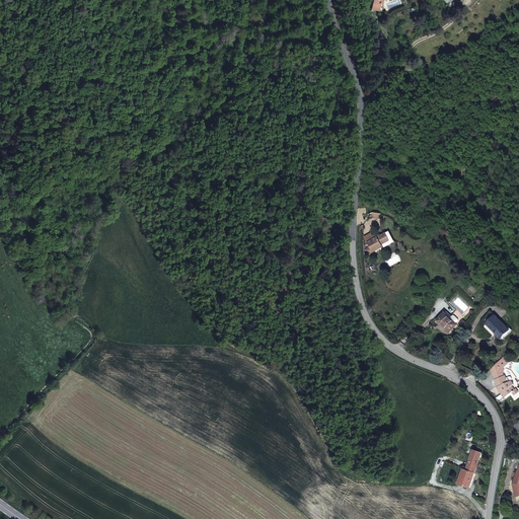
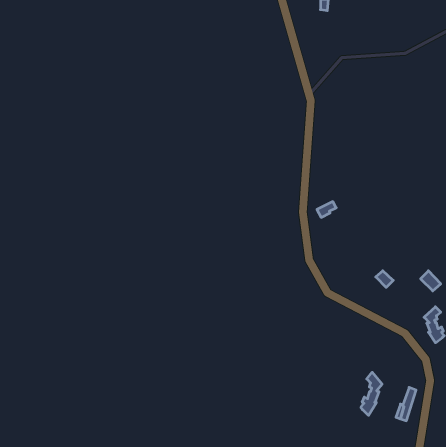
building: none -> [361,372,382,415]

